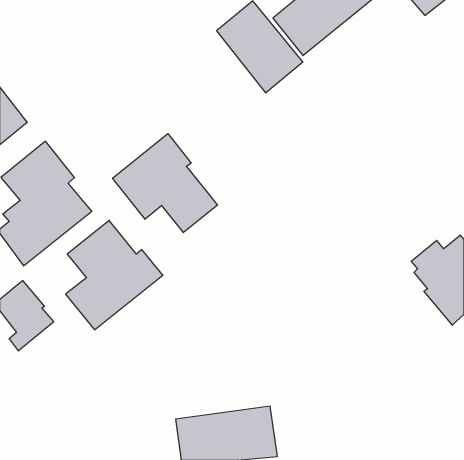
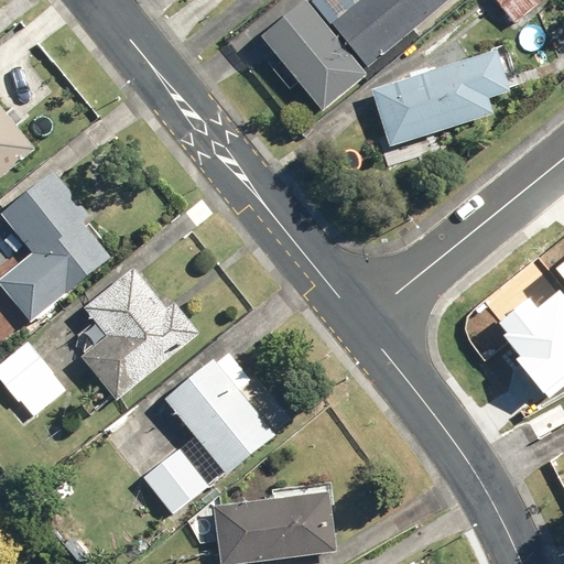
building: none -> [371,50,511,145]
building: [113,134,217,233] -> none
building: none -> [166,362,276,477]
building: none -> [145,447,208,510]

